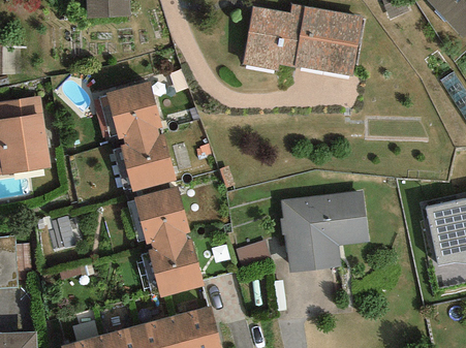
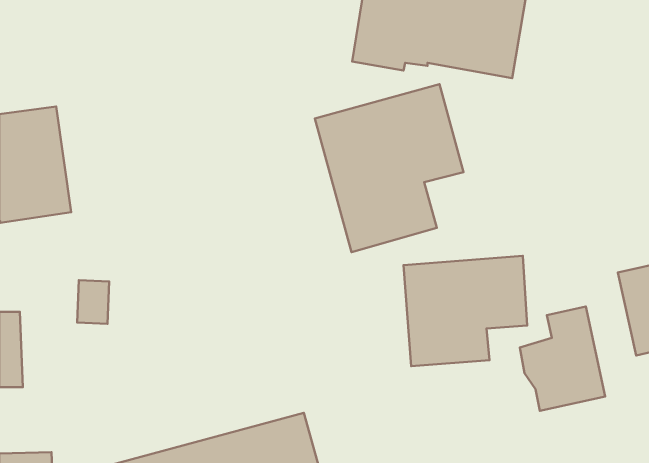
building: none -> [315,84,464,252]
building: [107,90,200,300] -> none
building: none -> [520,306,605,411]

